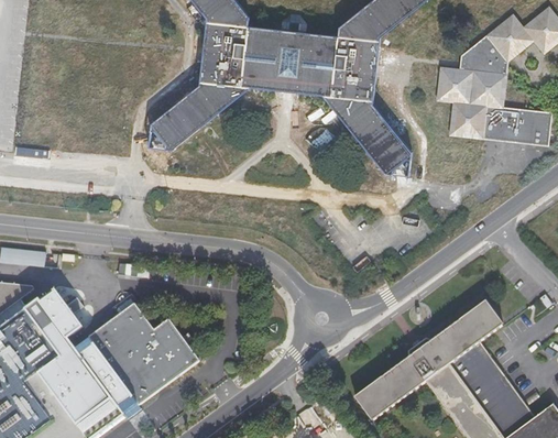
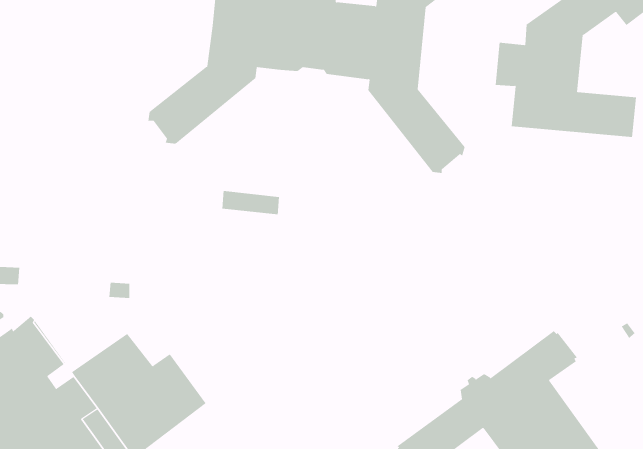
building: none -> [222,190,280,215]

